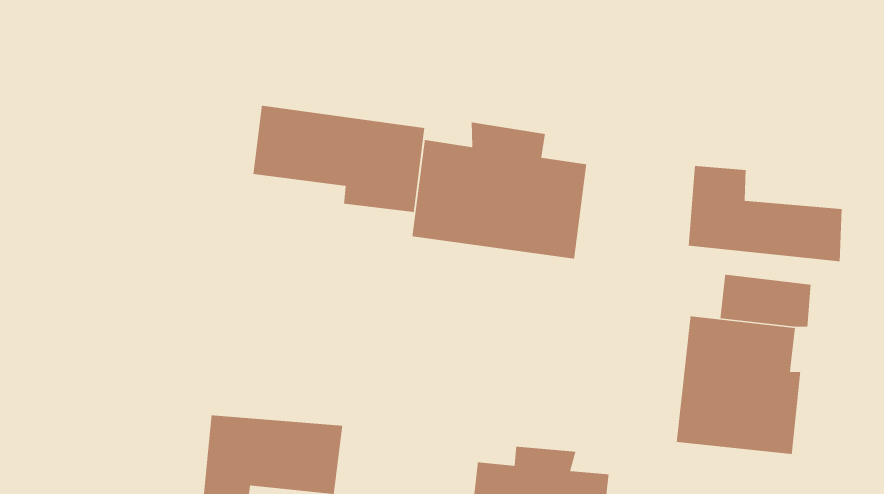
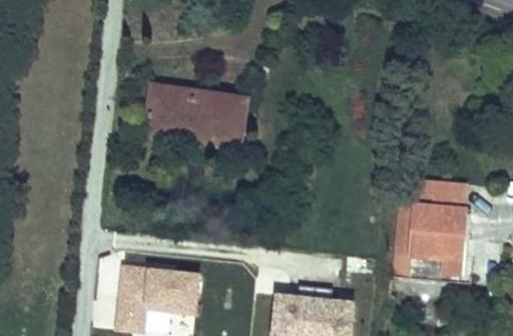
building: [411,122,587,259] -> none
building: [688,165,842,262] -> none

